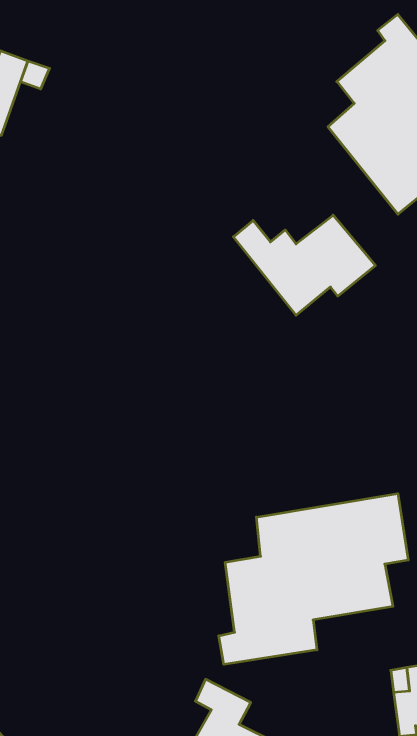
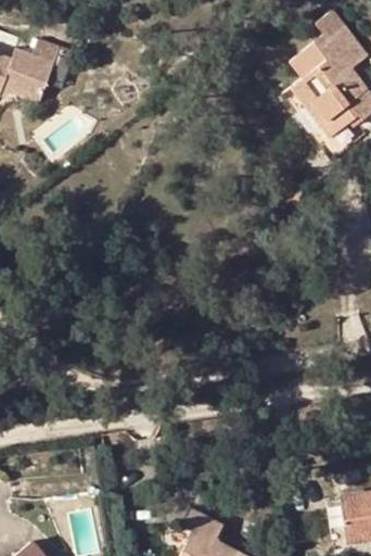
building: [233,215,375,315] -> none
building: [219,494,408,664] -> none

